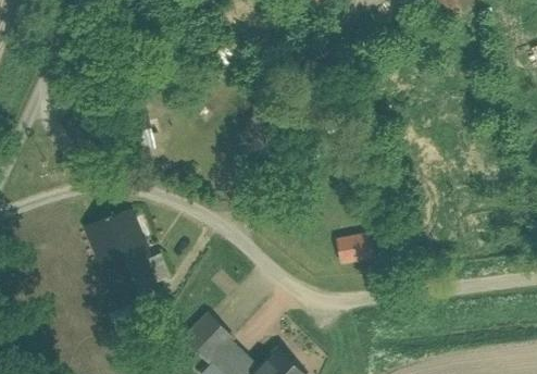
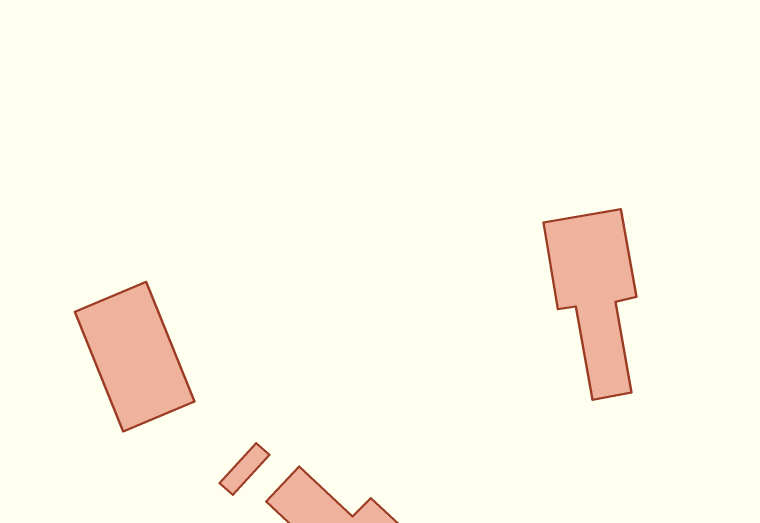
building: none -> [544,209,636,400]
building: [333,232,369,262] -> none

